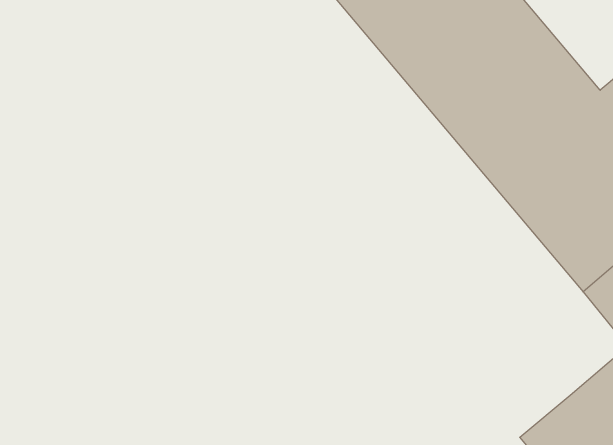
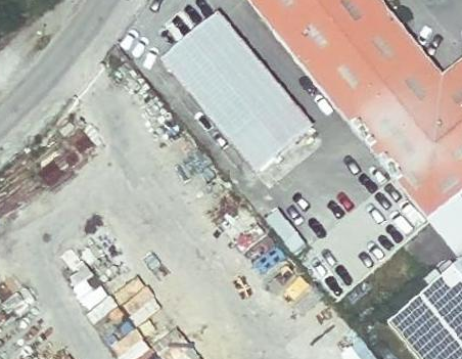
building: none -> [166,14,311,169]

